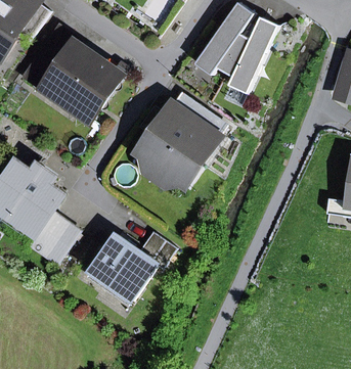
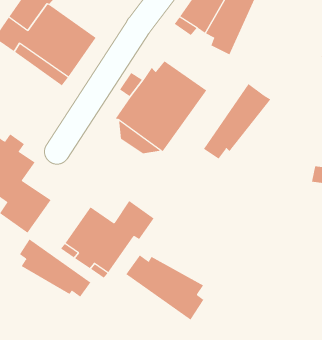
building: none -> [203,83,271,160]
building: none -> [19,239,91,297]
building: none -> [125,255,204,321]

